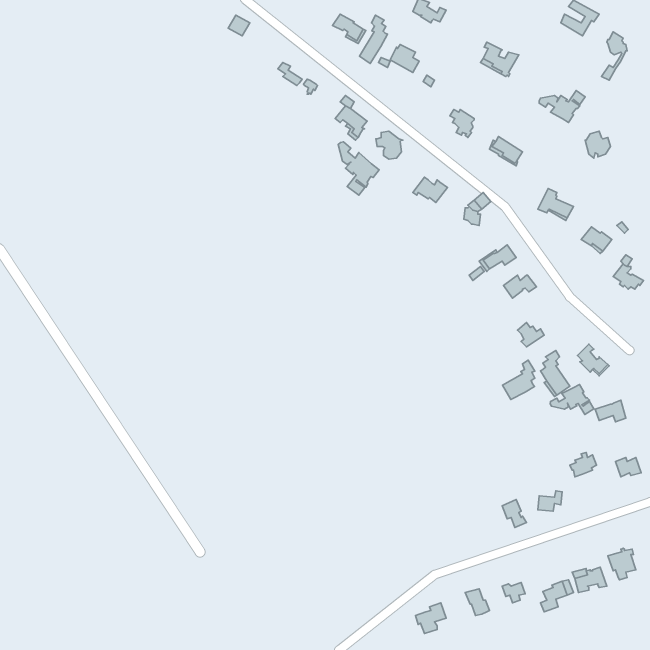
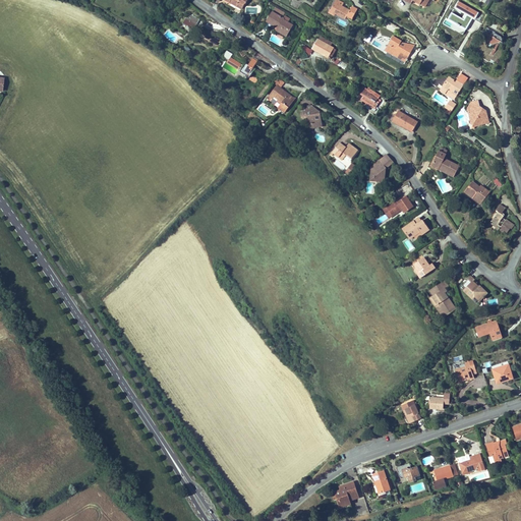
building: [359,15,388,63] -> none
building: [338,142,379,195] -> none
building: [503,360,535,400] -> none
building: [550,384,594,415] -> none

